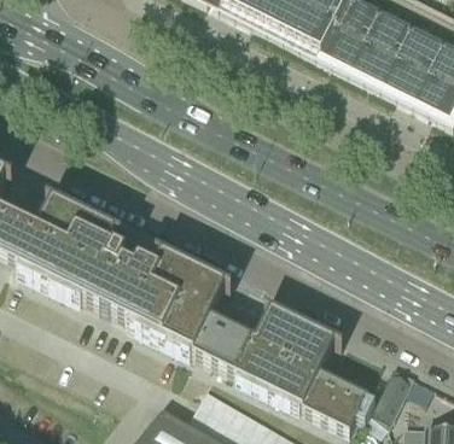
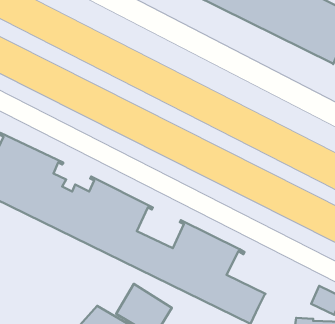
building: [374,364,413,422] -> none

